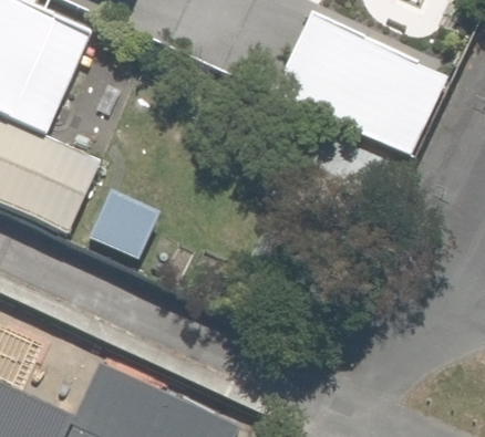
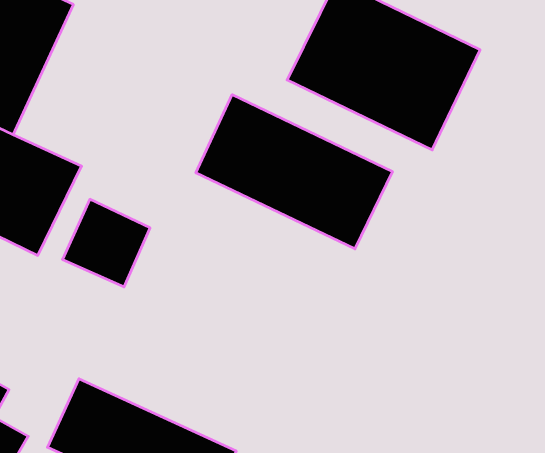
building: none -> [196,95,392,249]

